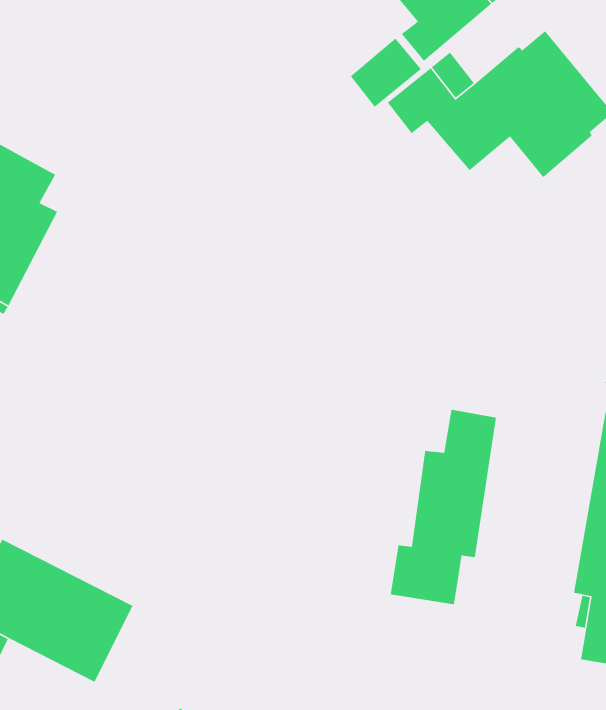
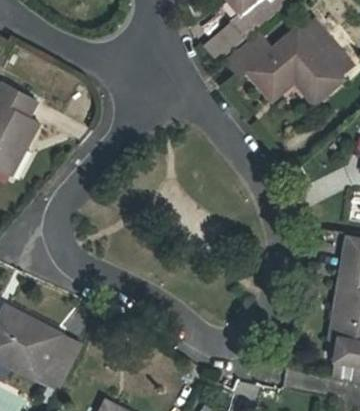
building: [390,409,497,605] -> none

